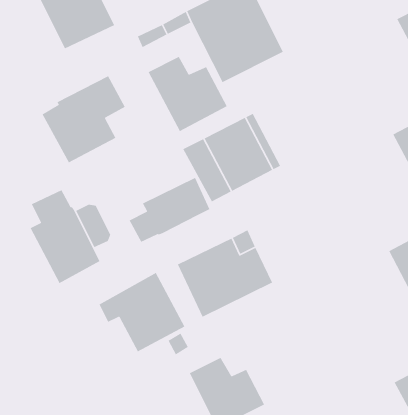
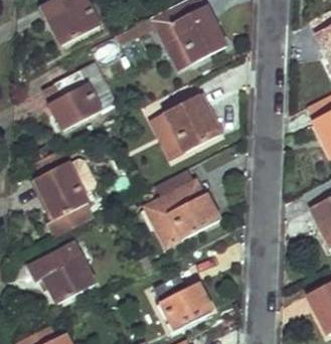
building: [148,56,228,132] -> none
building: [129,177,211,243] -> none
building: [99,272,186,352] -> [29,242,95,303]

